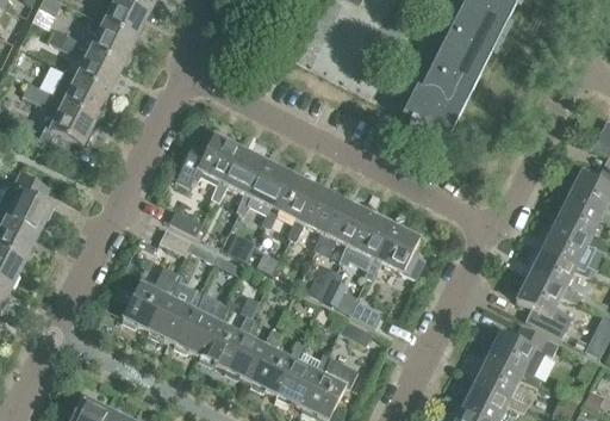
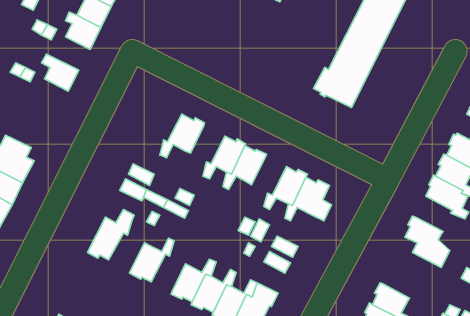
building: [79,49,123,91] -> none
building: [38,98,95,151] -> none
building: [173,132,238,185] -> none
building: [236,160,293,215] -> none
building: [312,198,369,255] -> none
building: [529,247,583,302] -> none
building: [144,287,203,342] -> none
building: [198,314,254,367] -> none
building: [488,326,558,385] -> none

